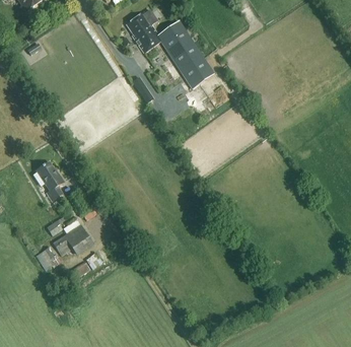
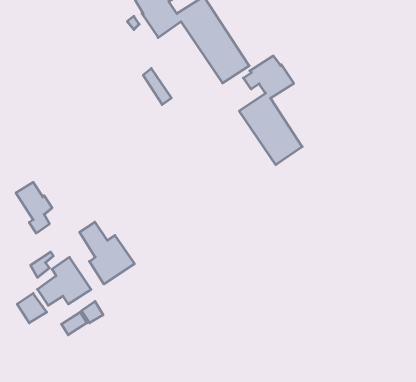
building: none -> [239,56,302,165]
building: none -> [80,222,134,284]

